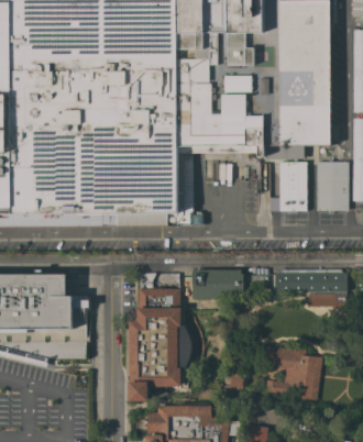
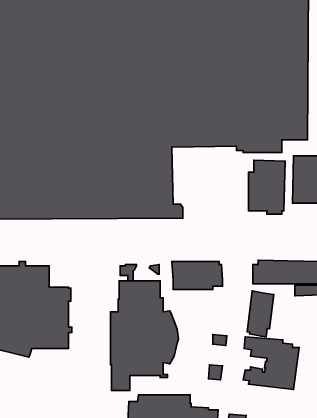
building: none -> [247,291,274,337]

